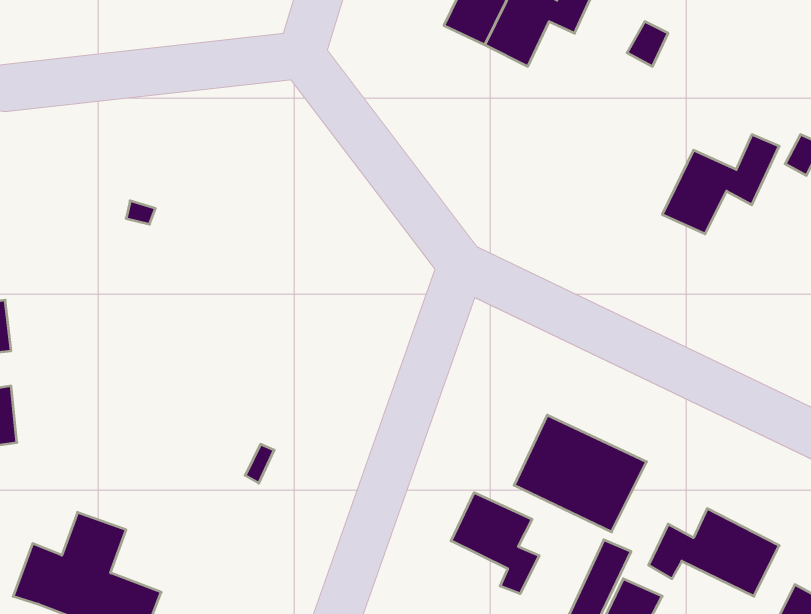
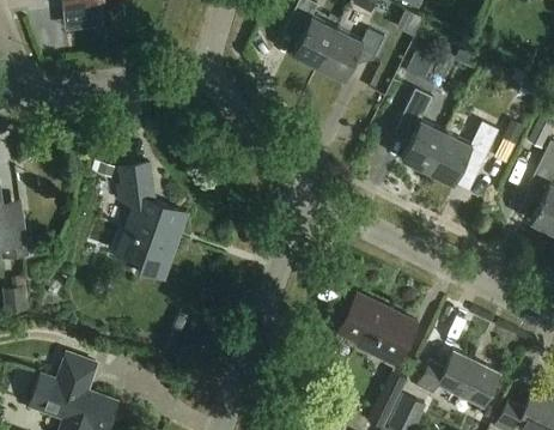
building: none -> [398,90,445,171]
building: none -> [117,164,185,278]
building: [451,493,539,594] -> none

